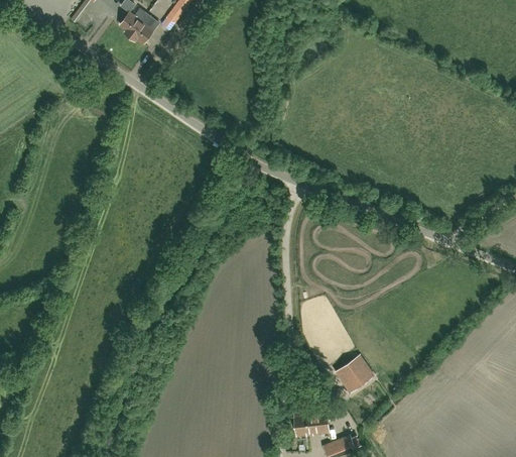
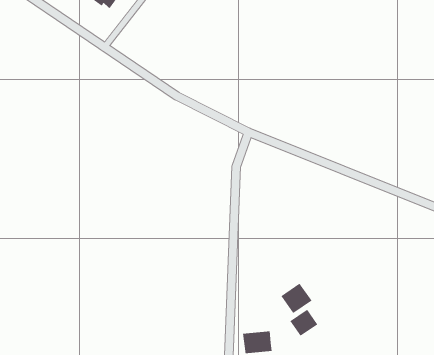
building: none -> [290,309,318,337]

